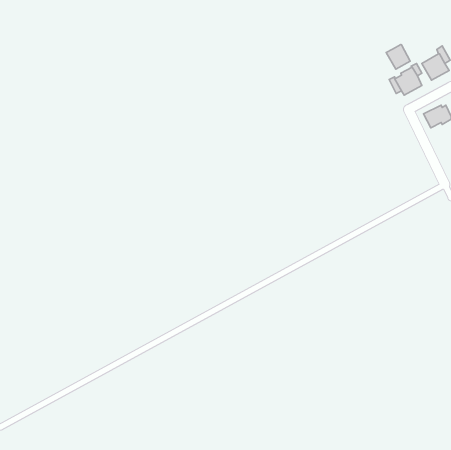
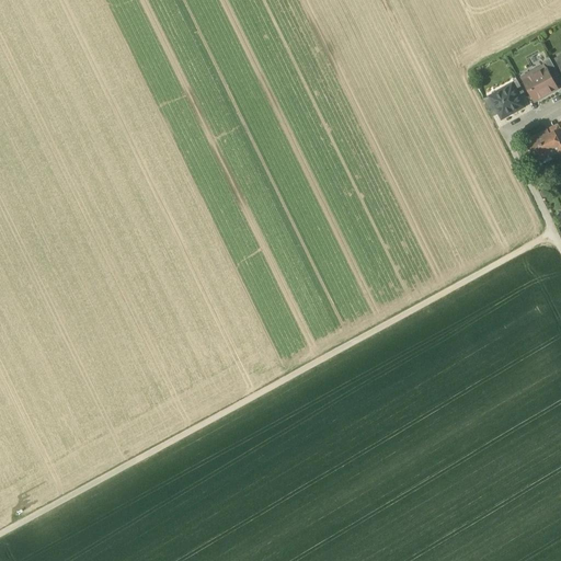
building: [386,44,410,69] -> none

